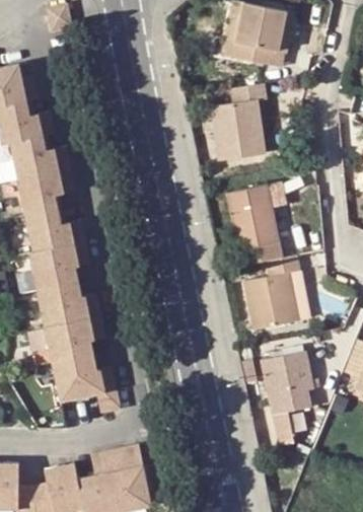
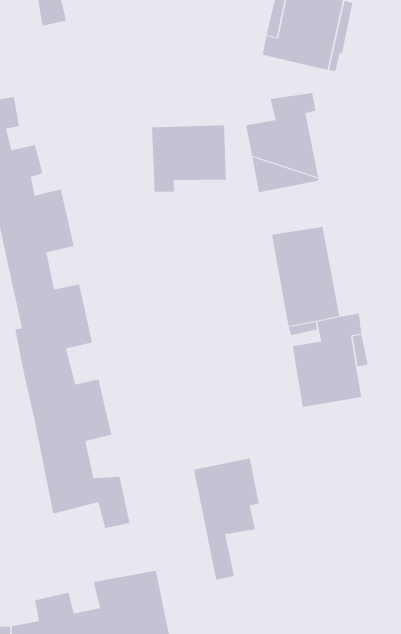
building: none -> [152,125,227,192]
building: [261,349,312,444] -> [193,458,260,580]

